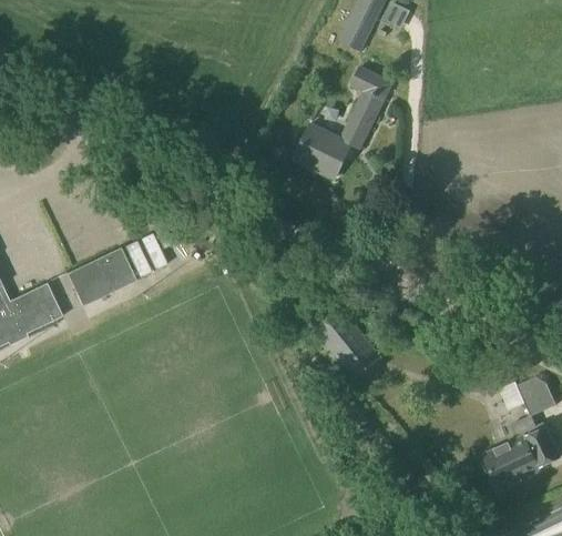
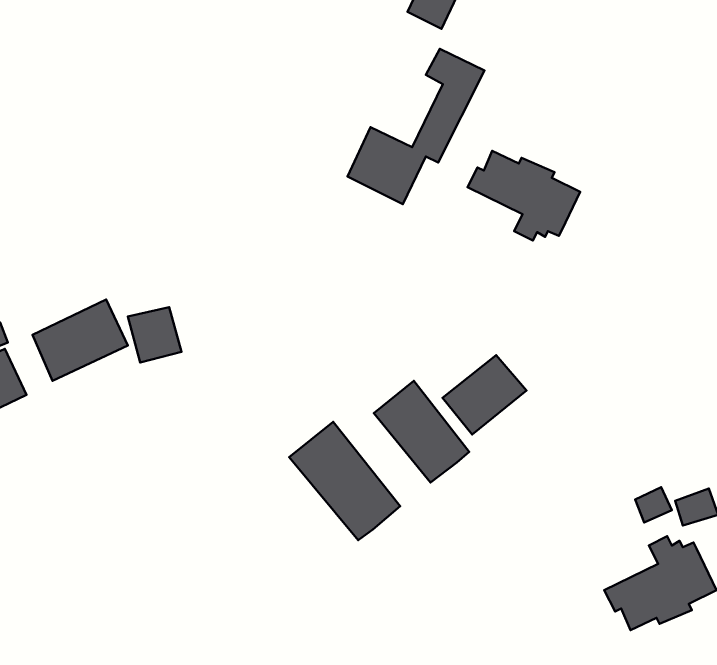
building: none -> [467,151,580,241]
building: none -> [442,355,526,435]
building: none -> [289,422,400,540]

